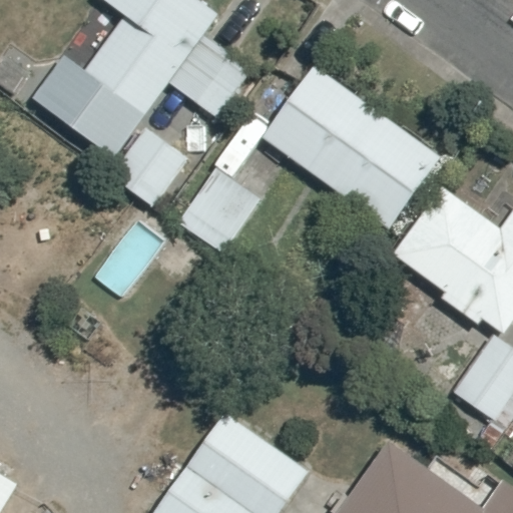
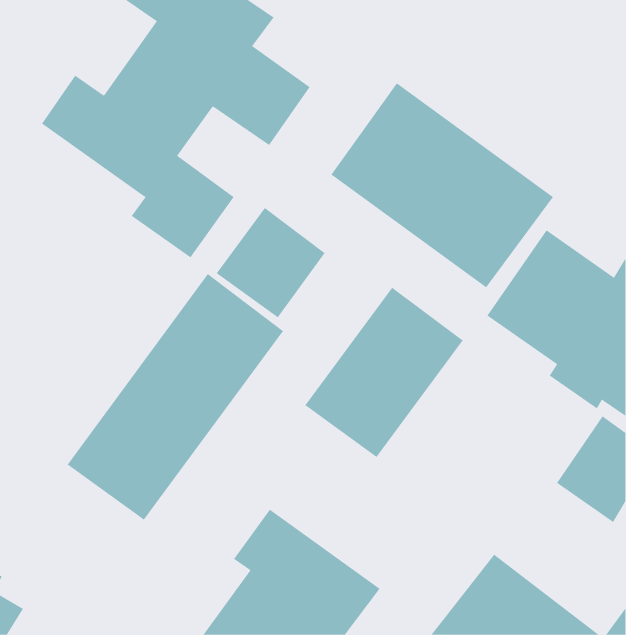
building: none -> [67,273,284,521]
building: none -> [305,287,463,458]

